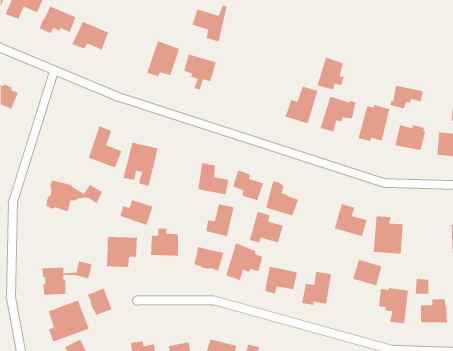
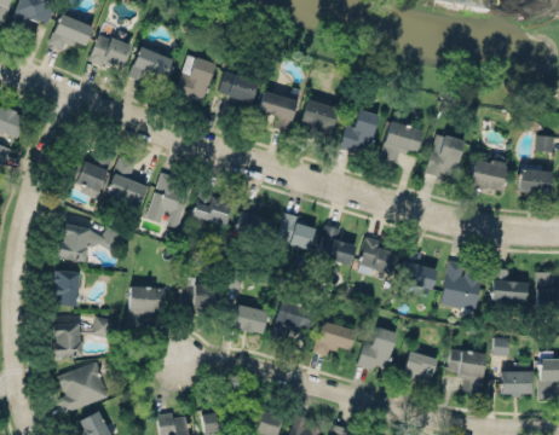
building: [192,5,228,42] -> [258,88,300,133]
building: none -> [129,47,173,82]
building: [316,57,345,91] -> none
building: none -> [298,101,339,140]
building: [390,85,424,109] -> none
building: none -> [76,151,115,192]
building: [119,199,153,226] -> [192,196,232,227]
building: [205,203,235,237] -> none
building: [249,211,284,244] -> [357,237,398,276]
building: none -> [491,269,526,303]
building: none -> [53,272,79,307]
building: [352,259,382,286] -> [402,352,437,384]
building: [86,287,112,316] -> none

